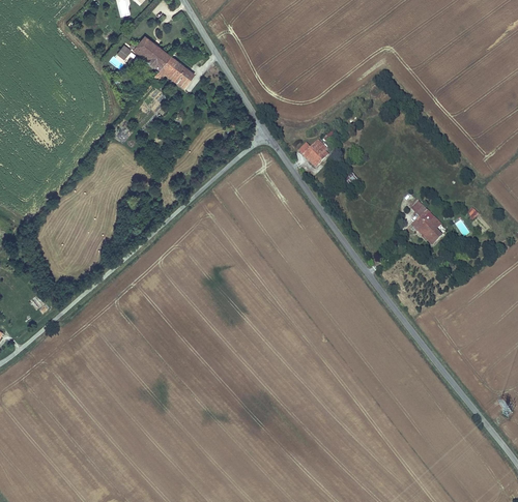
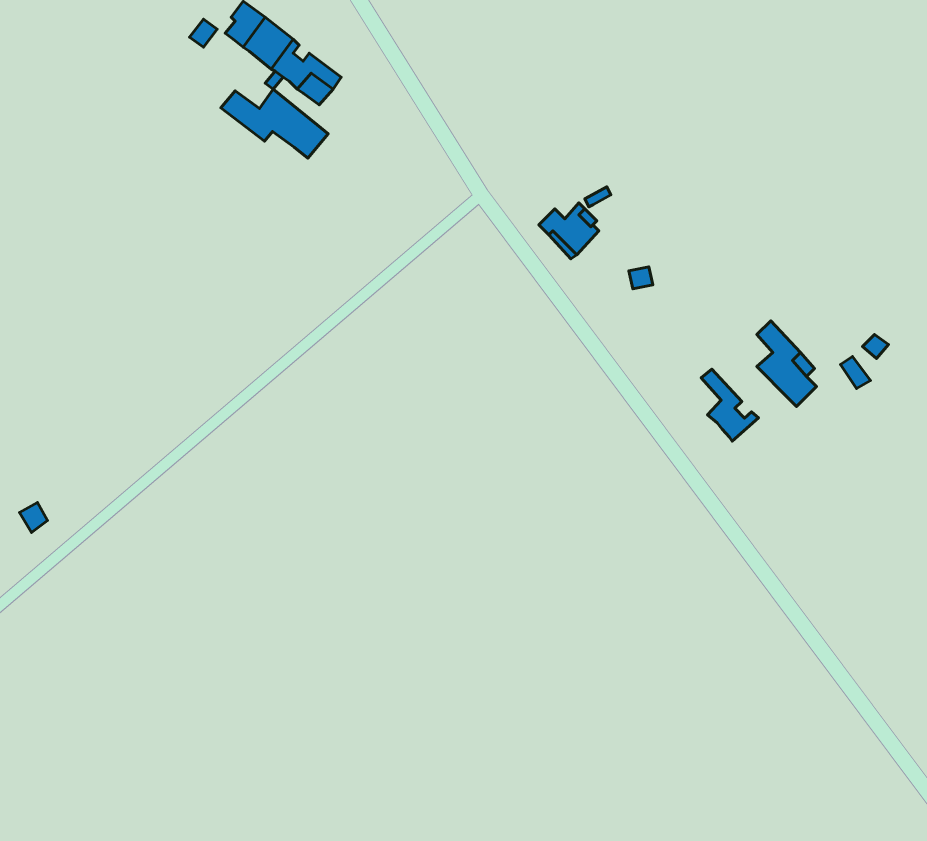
building: none -> [221,89,328,158]
building: none -> [701,369,759,441]

